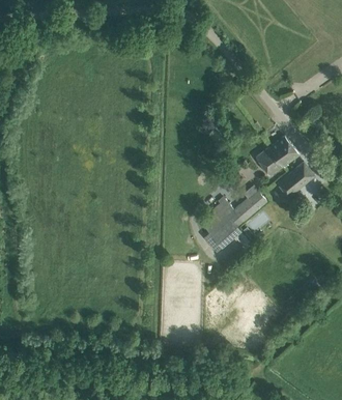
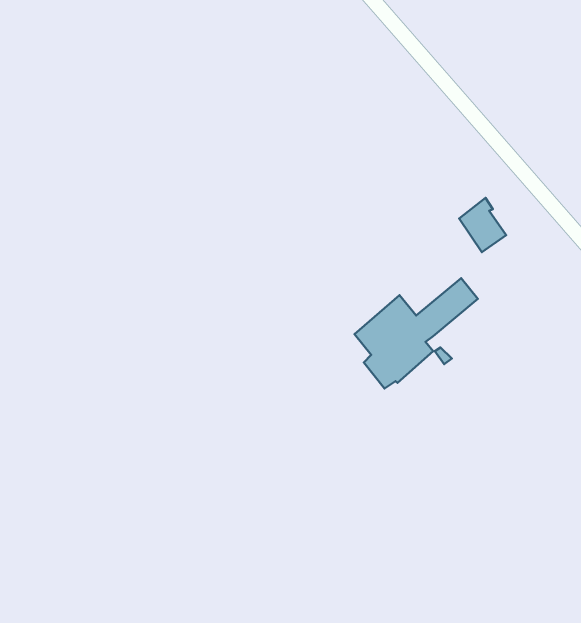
building: [272,137,300,167] -> none
building: [278,163,314,197] -> none

